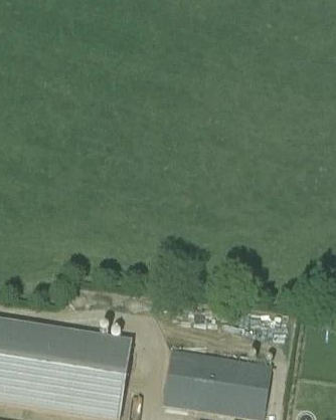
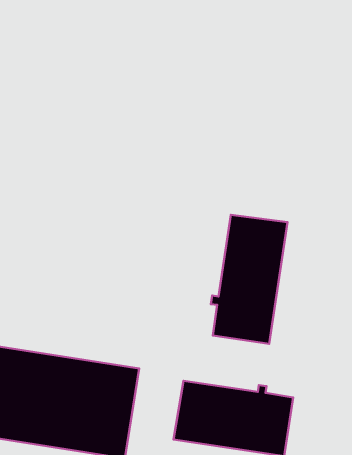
building: none -> [211,215,288,344]

